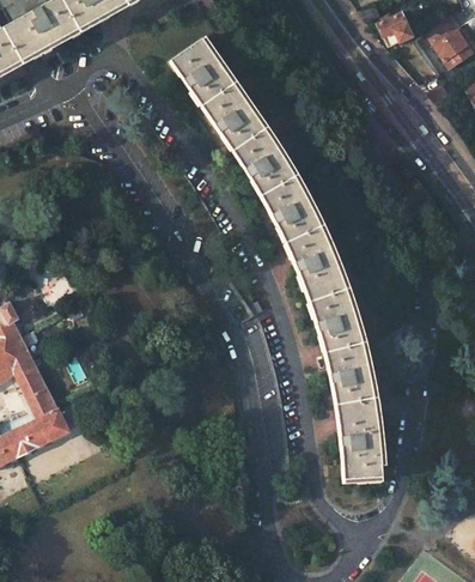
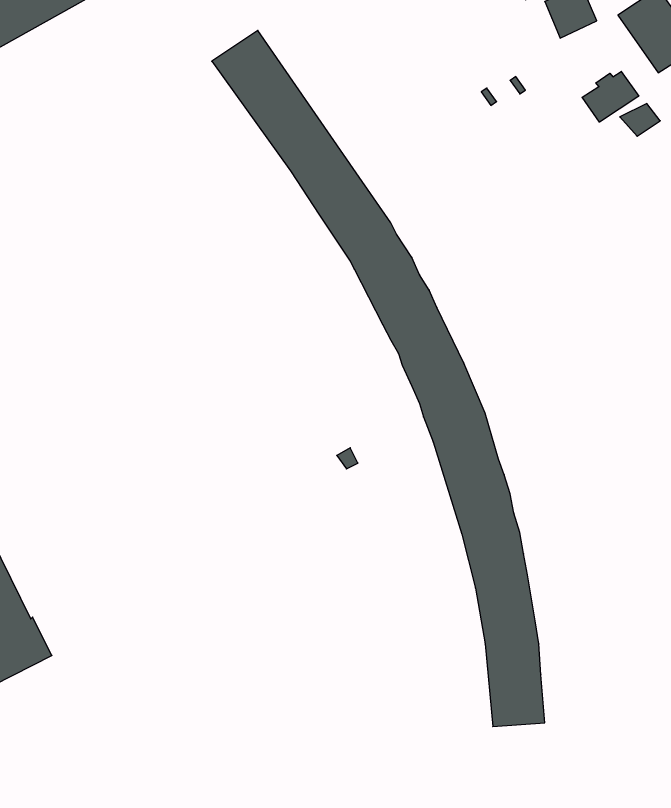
building: none -> [582,71,639,122]

